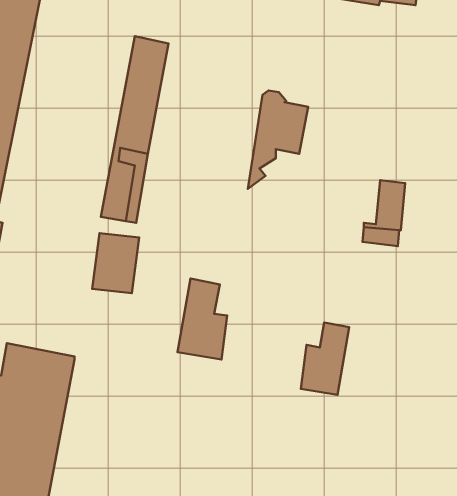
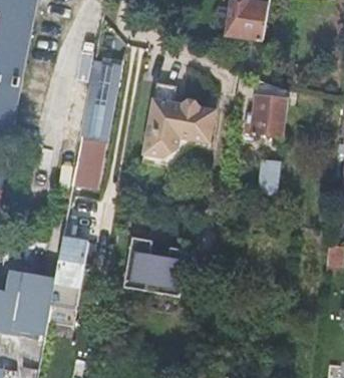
building: none -> [245,79,289,135]
building: none -> [141,81,183,167]
building: none -> [54,238,86,287]
building: [301,323,349,395] -> [154,237,188,286]

